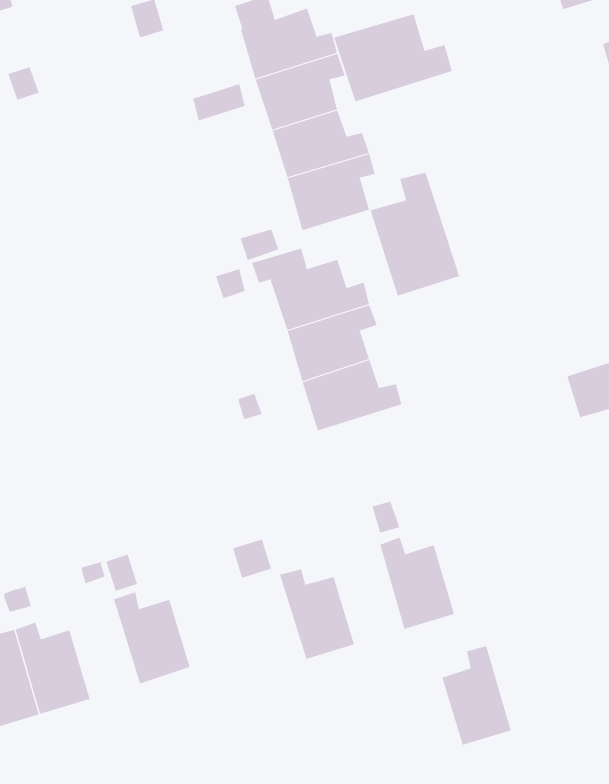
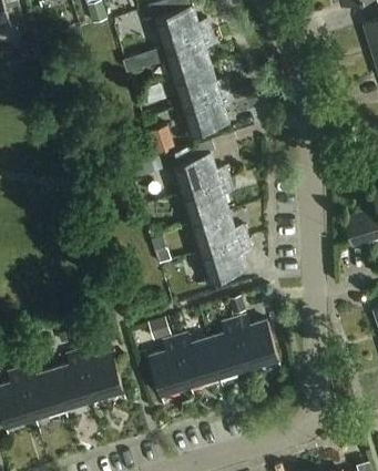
building: [334,13,452,102] -> none
building: [370,172,460,296] -> none
building: none -> [197,238,251,284]
building: none -> [149,338,191,397]
building: none -> [52,352,93,411]
building: [441,645,511,746] -> [207,320,248,379]

